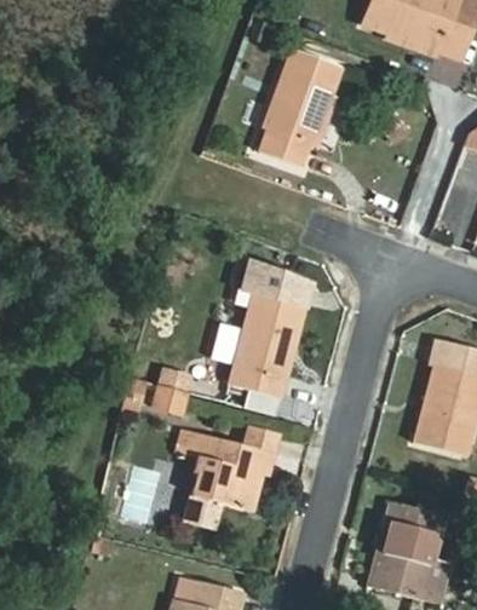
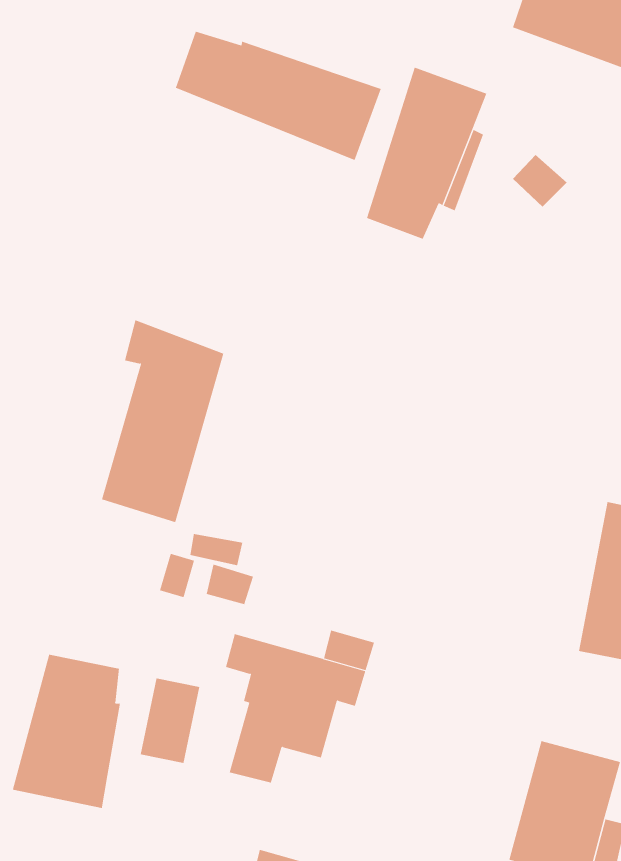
building: none -> [175,31,381,161]
building: [228,263,311,401] -> [101,320,224,523]
building: none -> [12,654,120,809]

